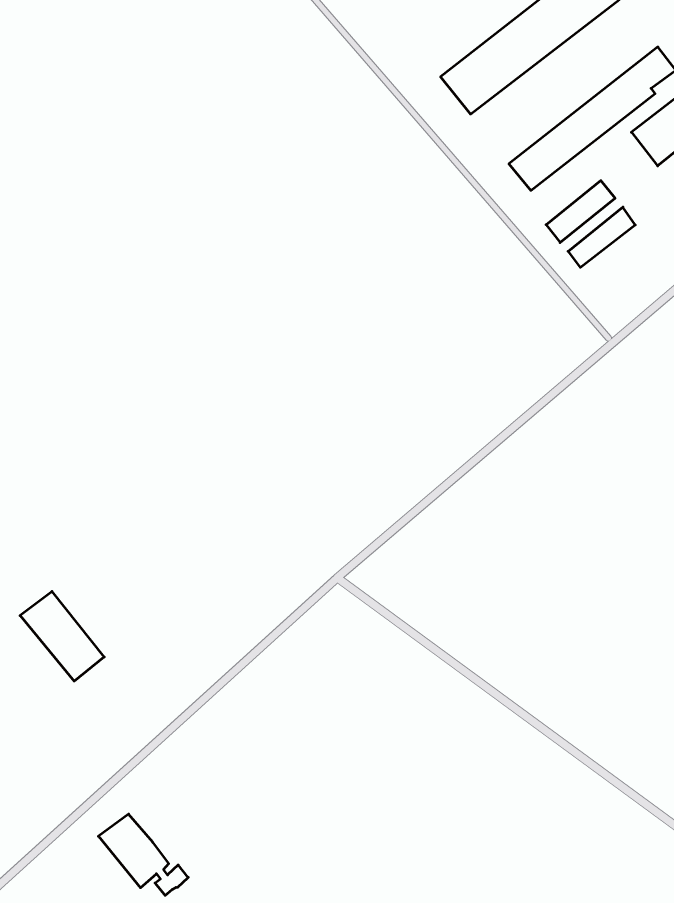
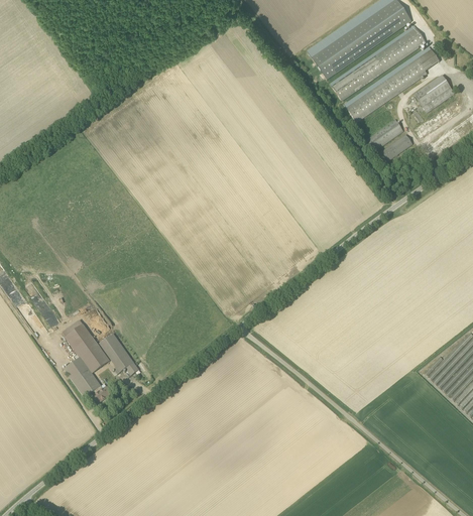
building: none -> [331,26,425,100]
building: none -> [99,332,133,372]
building: [98,814,188,895] -> [63,356,110,401]

